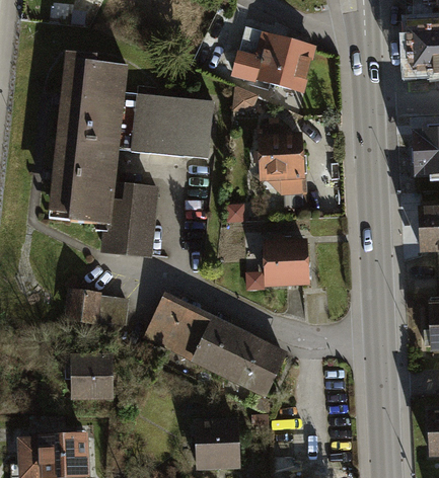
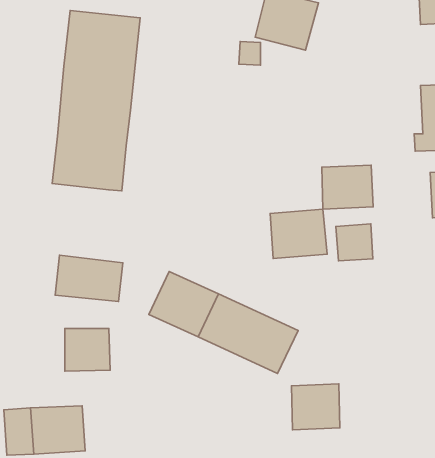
building: [130,92,221,159] -> none
building: [260,137,308,178] -> [322,165,373,209]
building: [106,183,163,258] -> none
building: none -> [336,224,373,261]
building: [197,426,242,470] -> [291,384,340,430]

